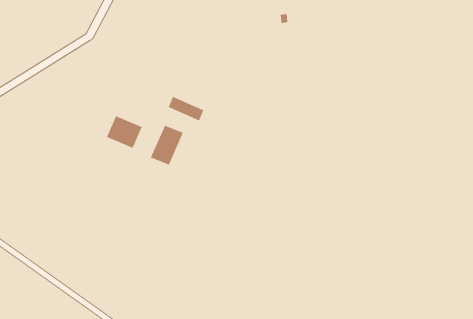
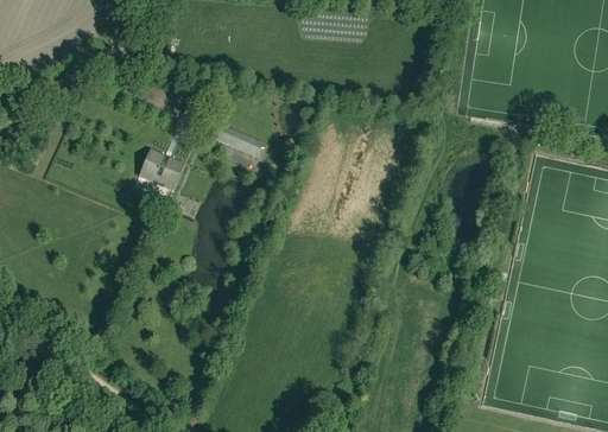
building: [150,125,184,166] -> none

